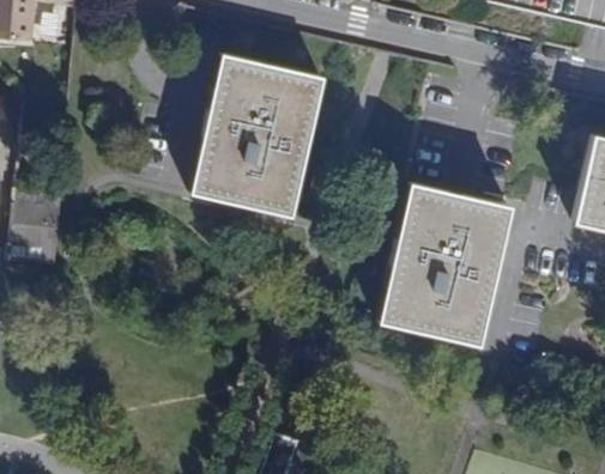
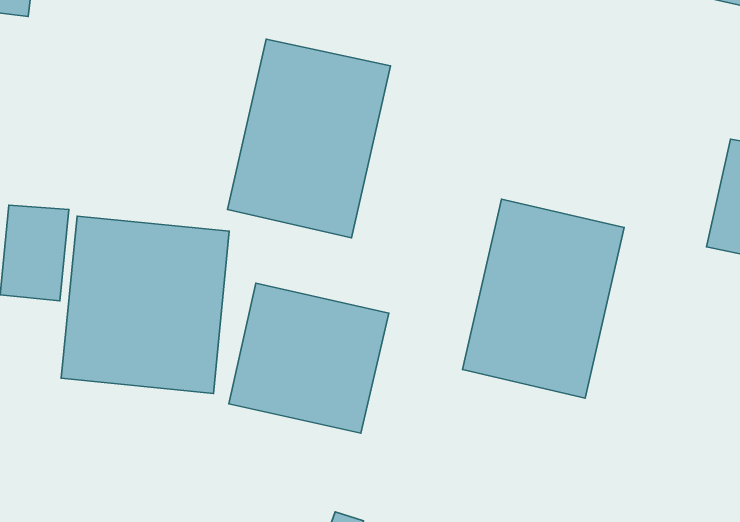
building: none -> [61,216,229,393]
building: none -> [229,283,389,433]

